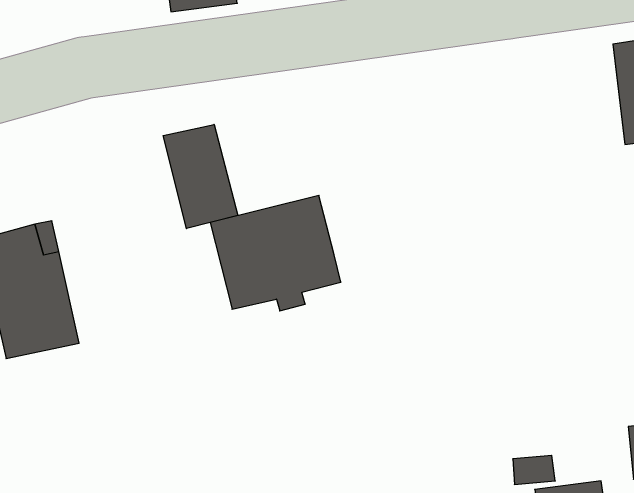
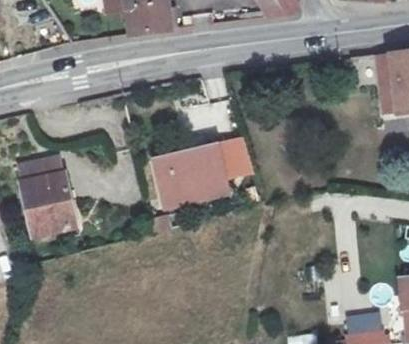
building: [163,124,238,229] -> none
building: none -> [217,137,252,177]

